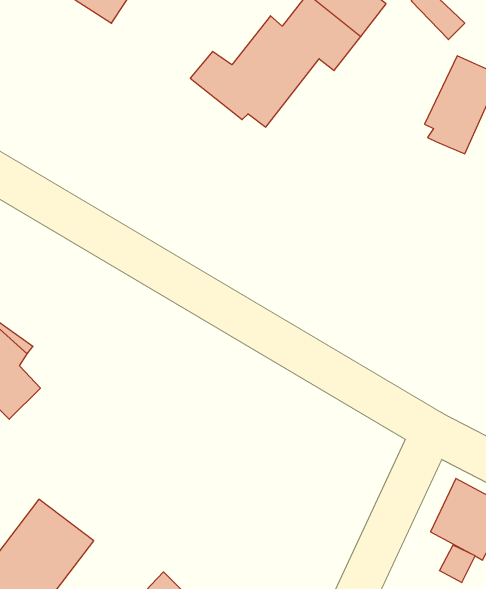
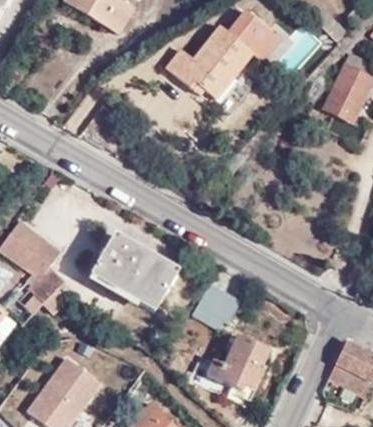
building: none -> [90,233,179,311]
building: none -> [193,281,240,328]
building: none -> [206,334,269,391]

